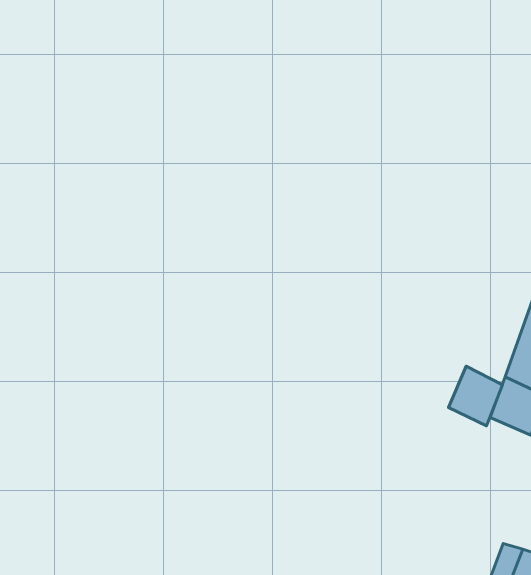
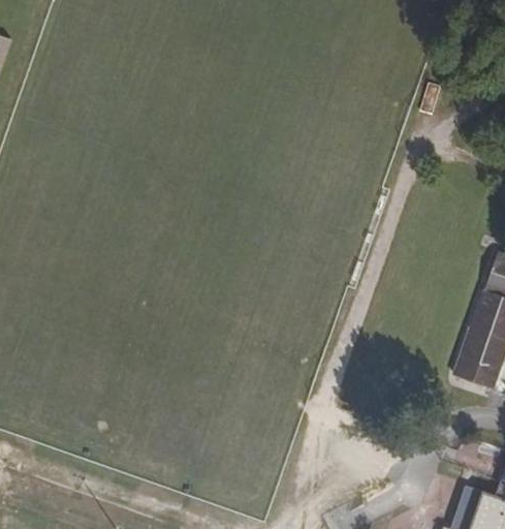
building: [448,366,502,426] -> none

